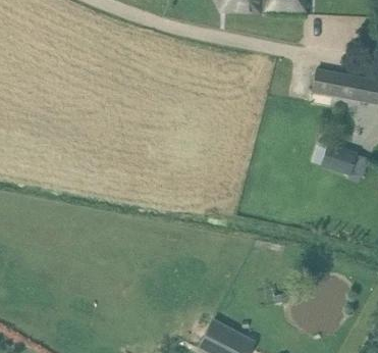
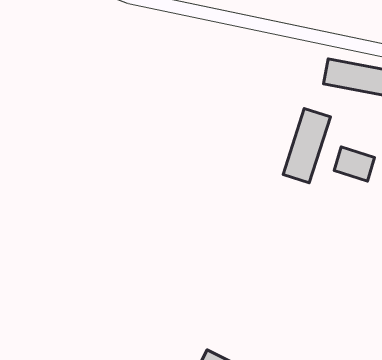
building: none -> [283,108,330,183]

